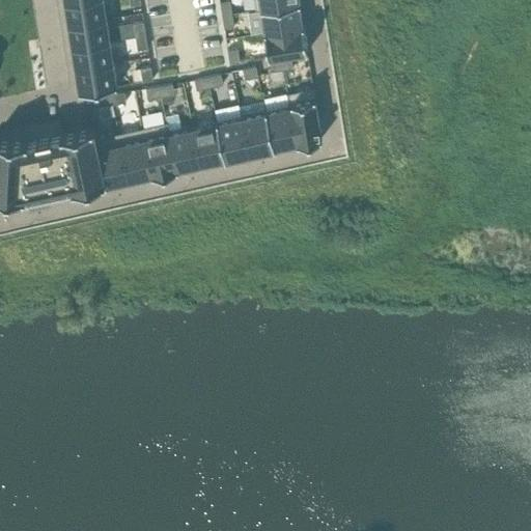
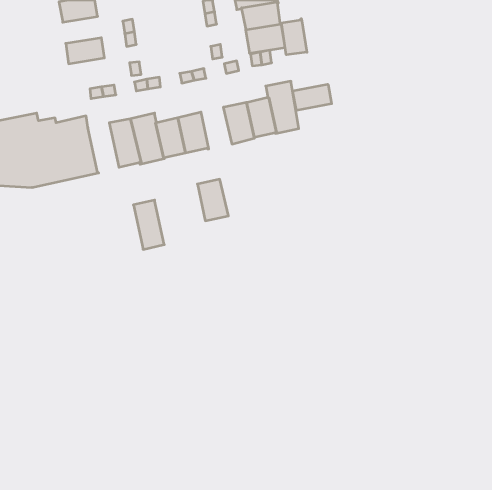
building: [67,22,109,51] -> none
building: none -> [281,19,307,55]
building: [74,66,115,95] -> none
building: none -> [293,84,332,110]
building: [216,119,249,164] -> [197,179,228,221]
building: [94,136,128,189] -> [133,200,164,249]

